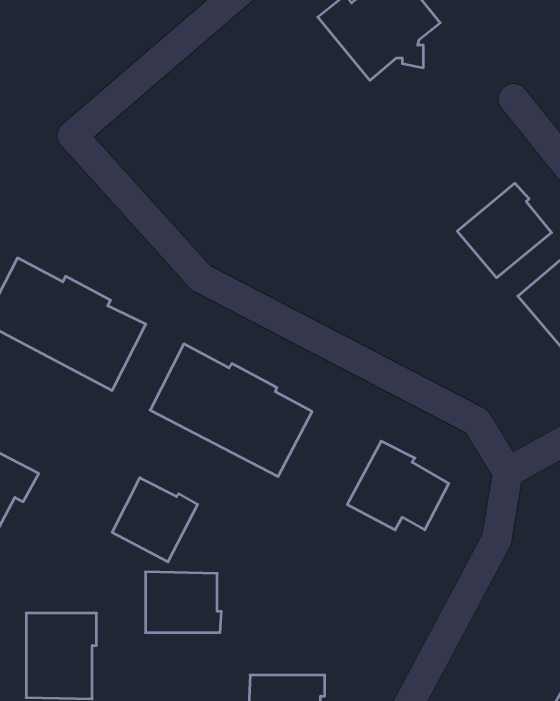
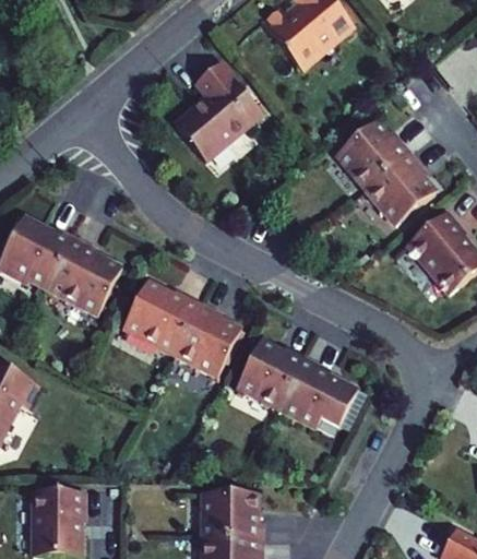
building: none -> [176,72,252,158]
building: none -> [334,121,408,192]
building: none -> [237,336,305,404]
building: [112,478,198,562] -> none
building: [145,572,221,633] -> [203,489,262,536]

